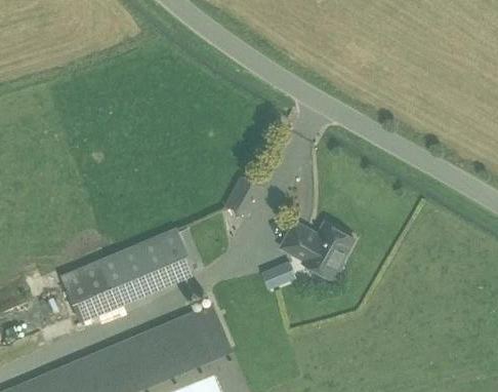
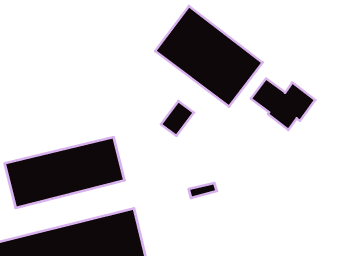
building: none -> [155,6,263,107]
building: [282,223,354,276] -> [251,79,315,130]

